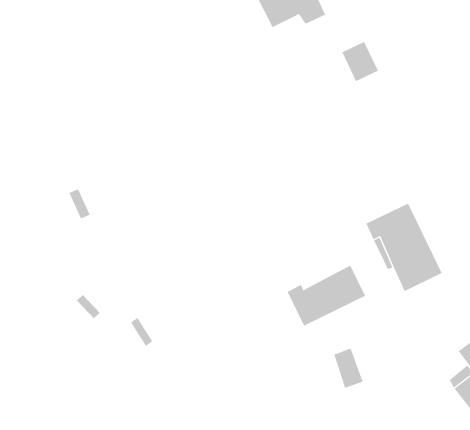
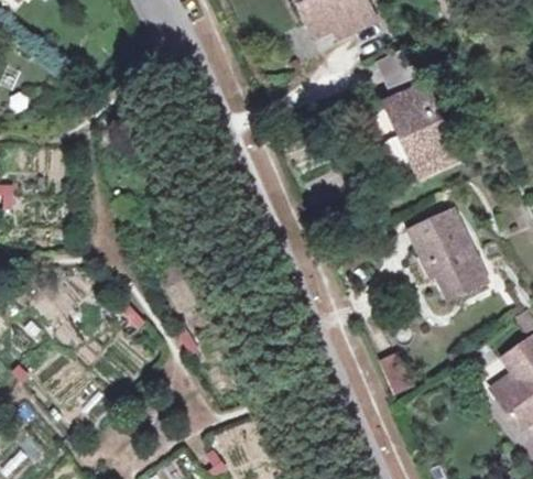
building: none -> [388,88,456,175]
building: [287,265,366,326] -> none

